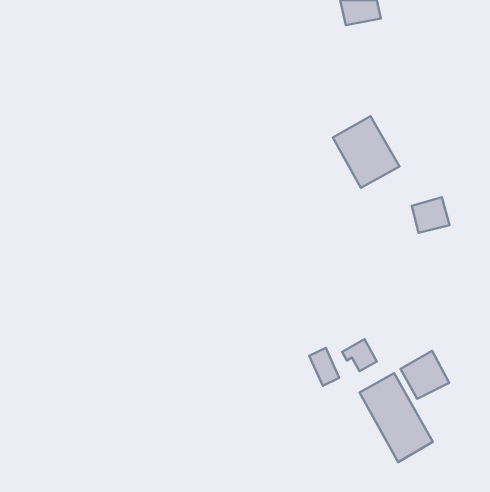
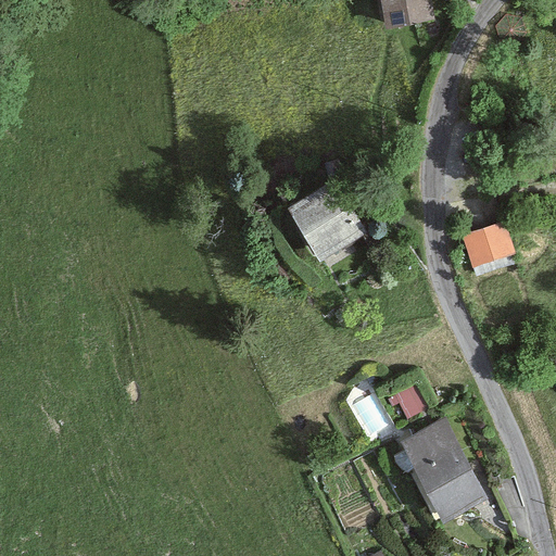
building: [333,116,400,188] -> [292,178,367,258]
building: [400,351,449,399] -> none

